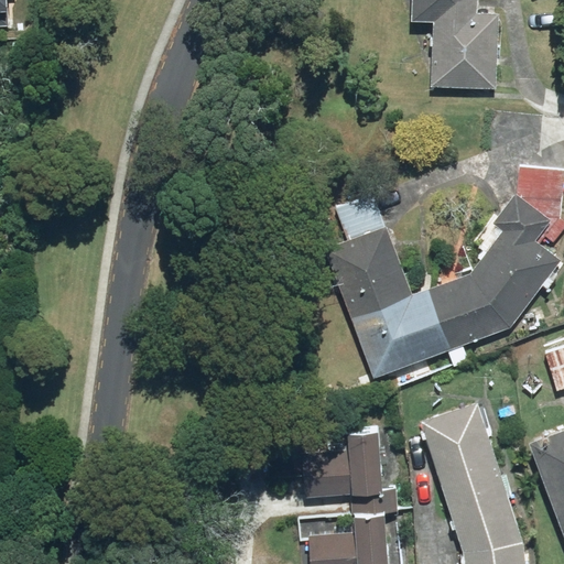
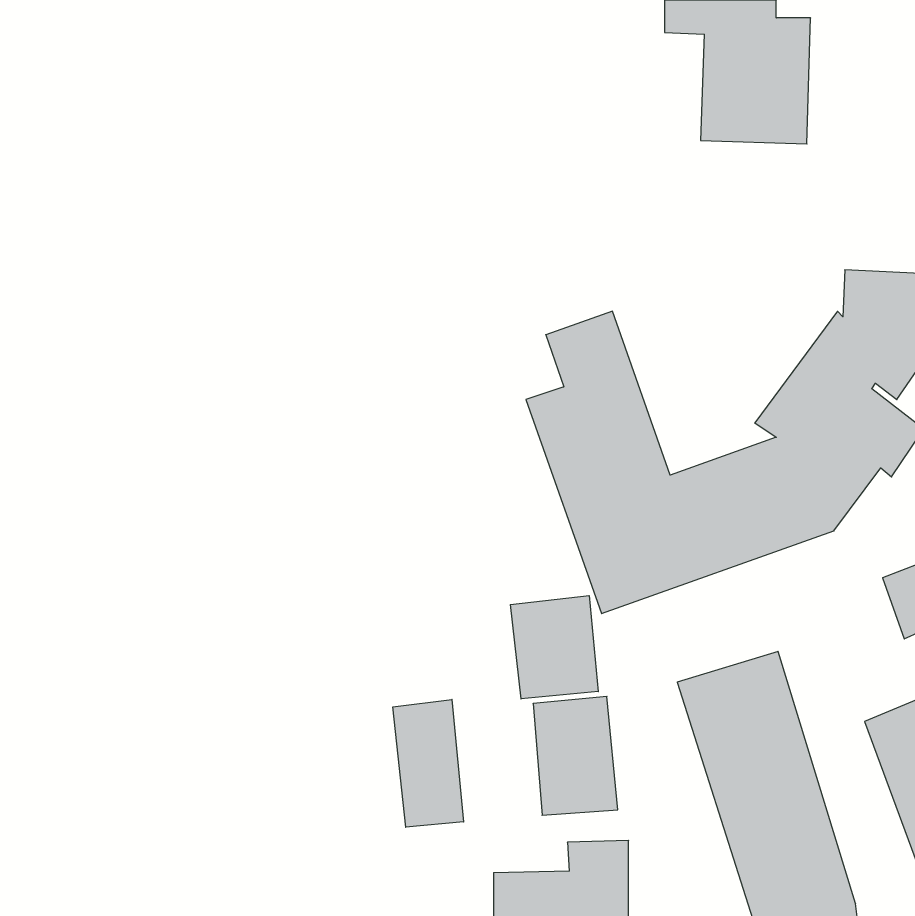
building: none -> [510,596,598,699]
building: none -> [393,699,464,827]

